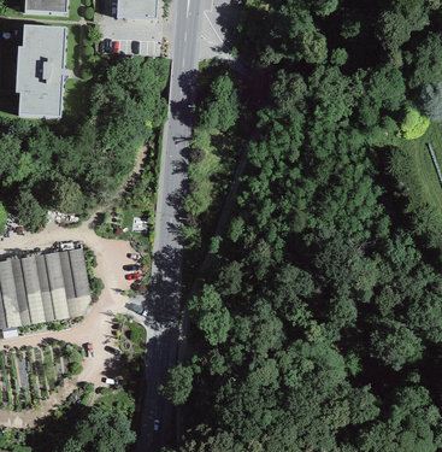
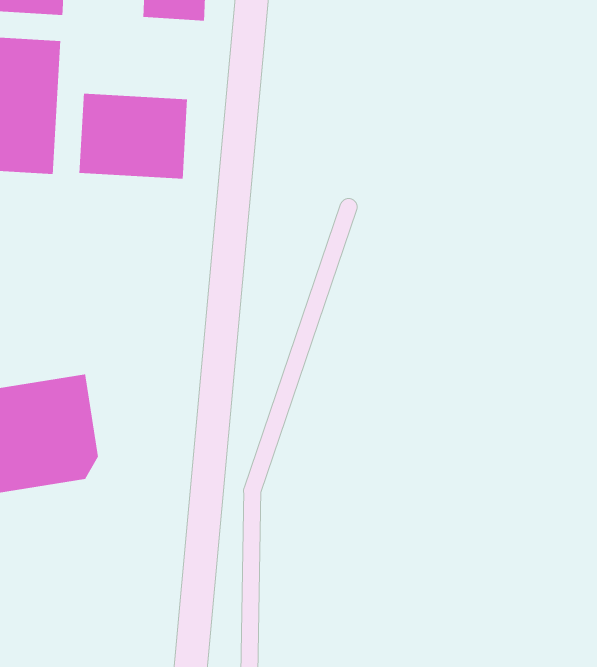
building: none -> [78,93,188,180]

